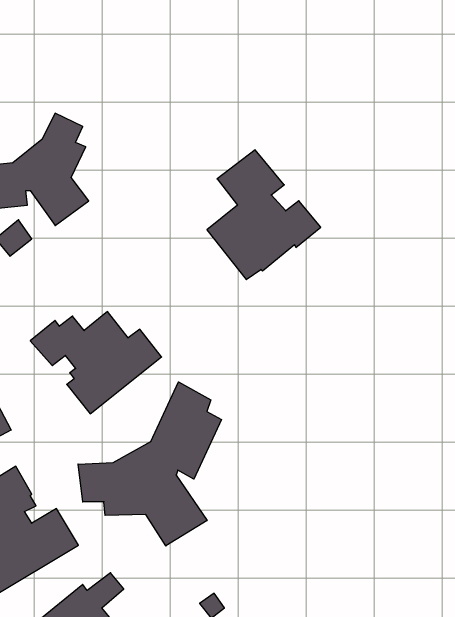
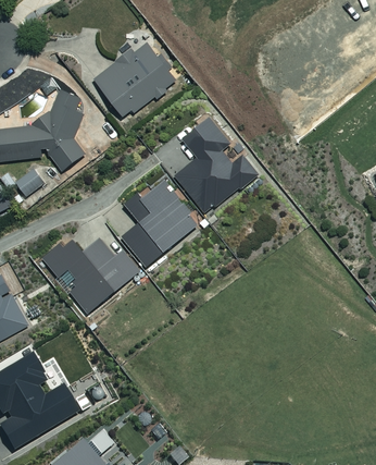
building: none -> [95,38,177,115]
building: none -> [122,179,198,266]
building: [78,382,221,546] -> none

